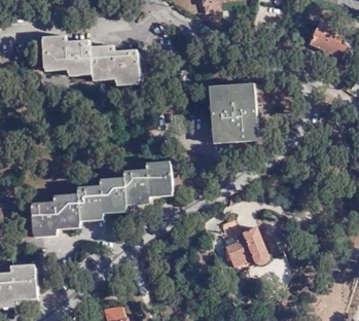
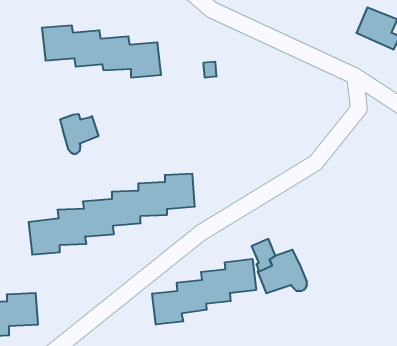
building: [210,85,252,138] -> none
building: none -> [60,114,98,154]
building: none -> [152,259,256,325]

